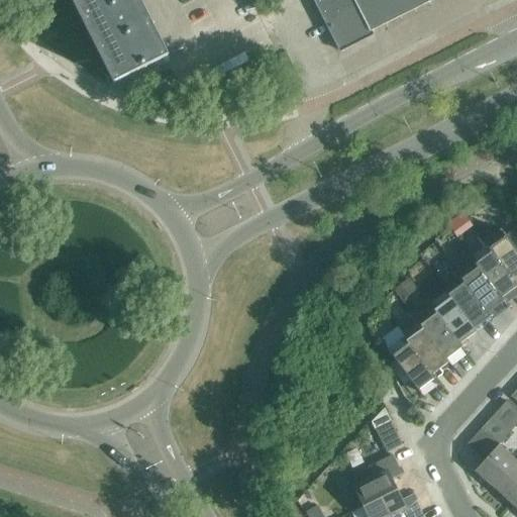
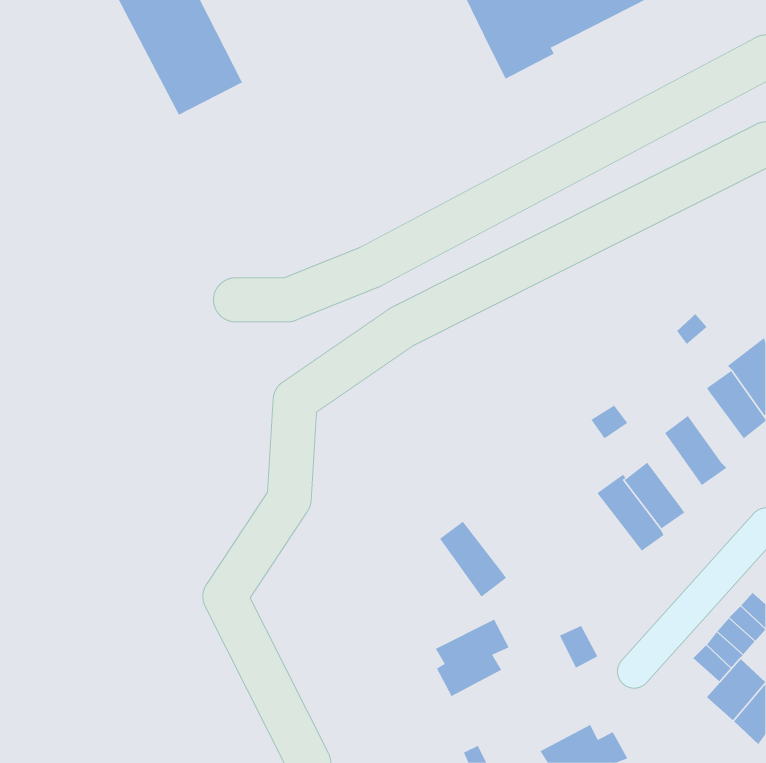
building: [461,265,504,312] -> none
building: [434,296,476,342] -> none
building: [389,336,434,388] -> [439,521,507,597]
building: [352,453,403,506] -> [435,619,510,697]

